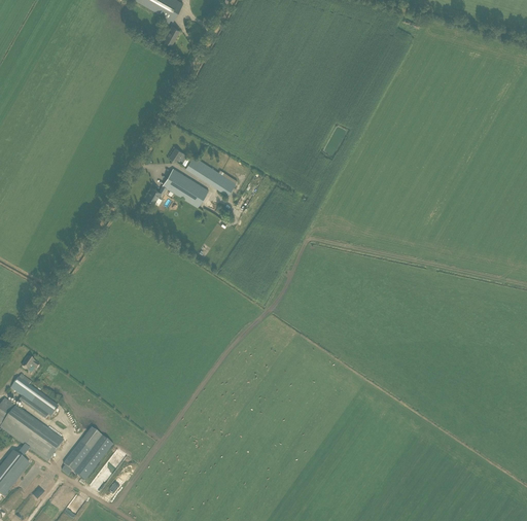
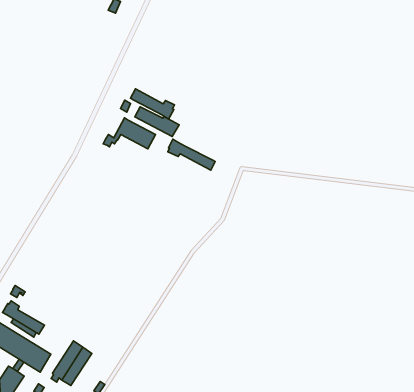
building: none -> [130,89,175,119]
building: none -> [168,139,215,170]

